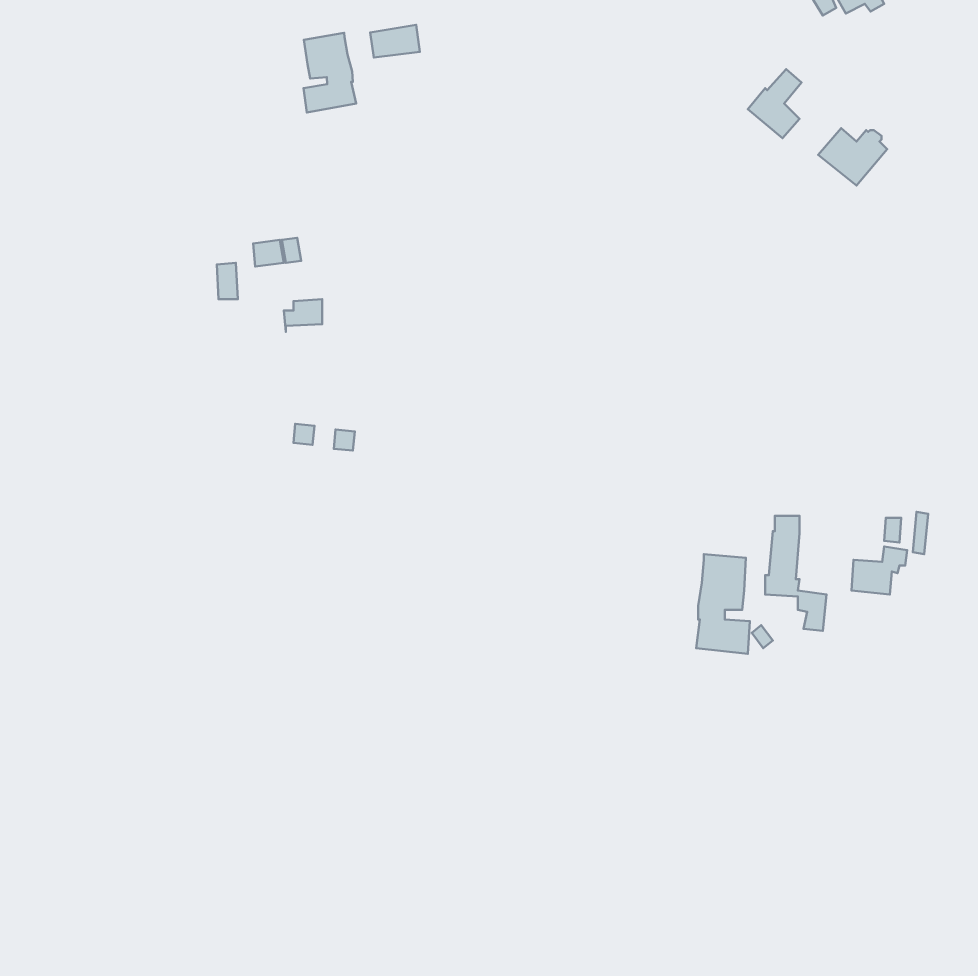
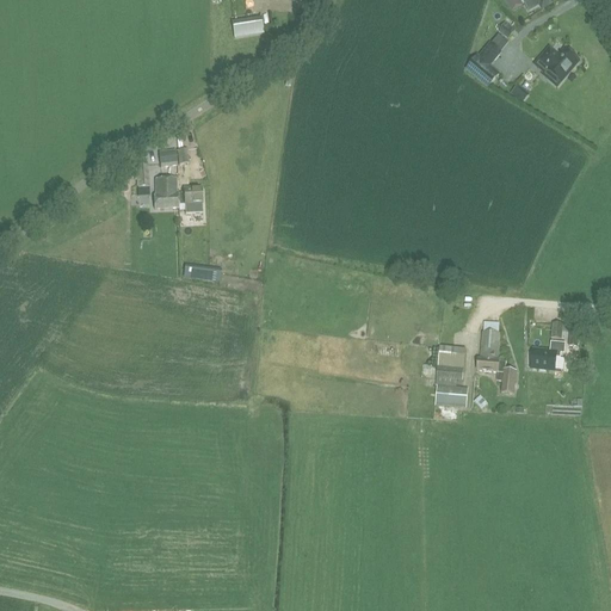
building: [303,33,356,113] -> none
building: [818,128,887,186] -> [535,47,578,82]
building: none -> [153,177,178,208]

